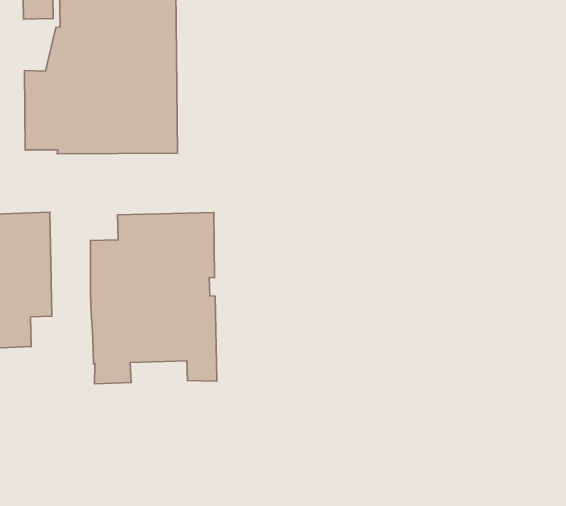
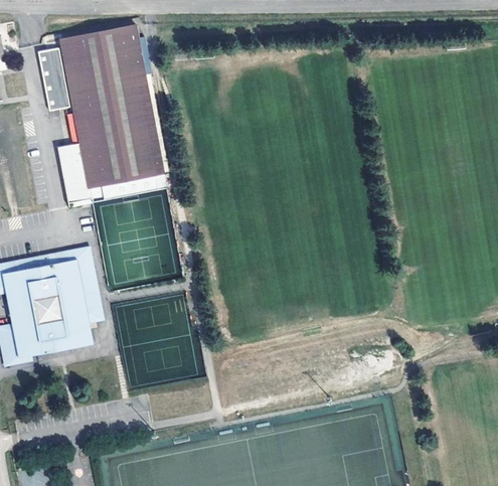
building: [90,212,217,384] -> none

